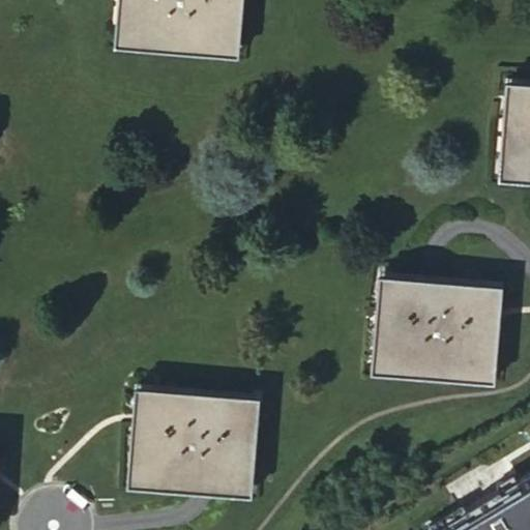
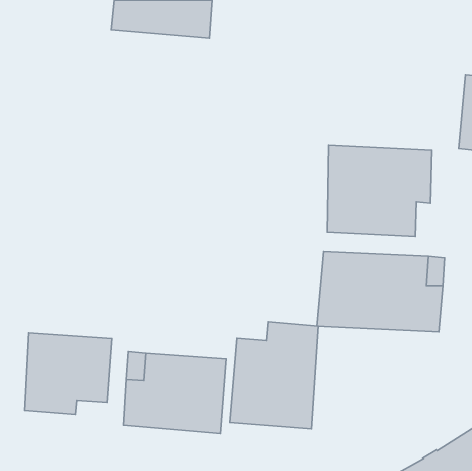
building: none -> [327,145,431,236]
building: none -> [230,322,318,429]
building: none -> [24,333,112,414]

